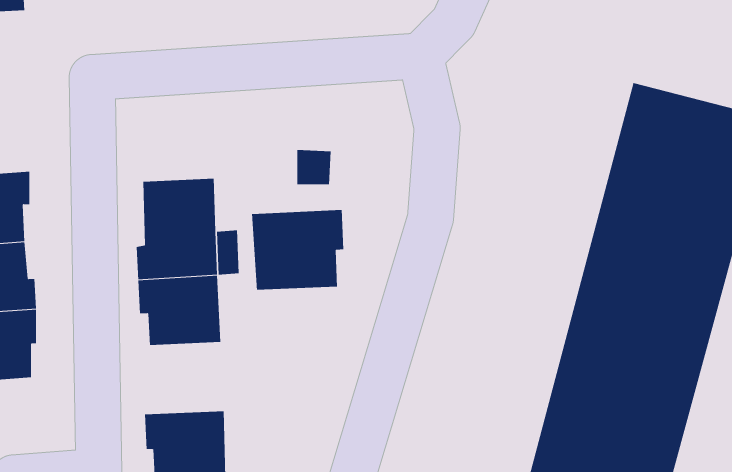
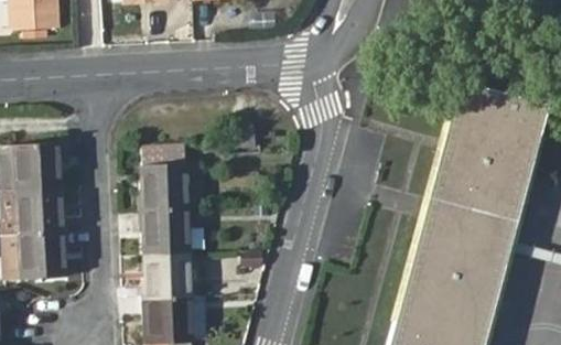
building: [252,209,344,290] -> none
building: none -> [137,251,191,299]

